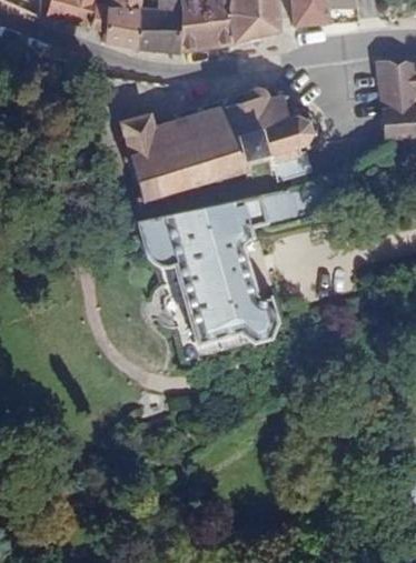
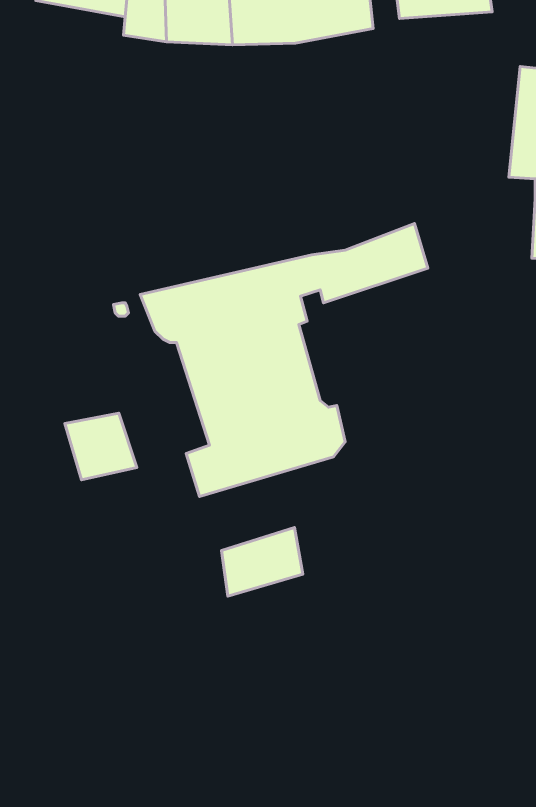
building: [118,82,318,191] -> none
building: none -> [65,413,137,480]
building: none -> [222,527,303,596]

